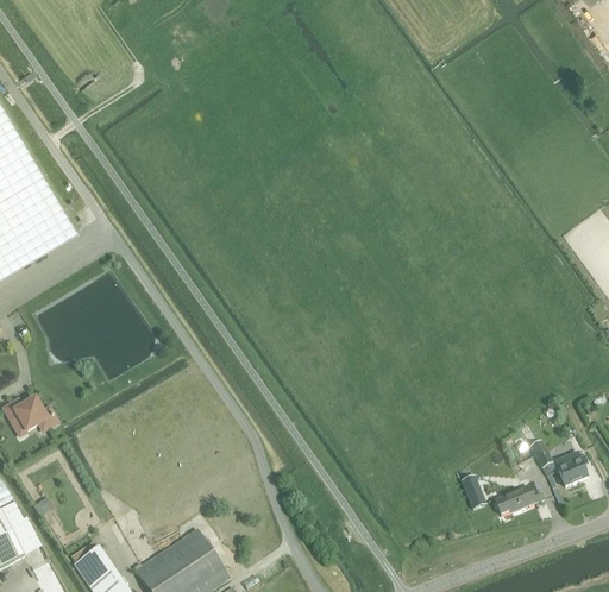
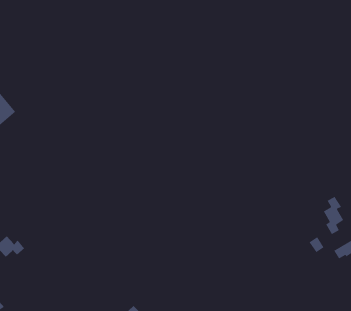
building: none -> [323,196,344,235]

